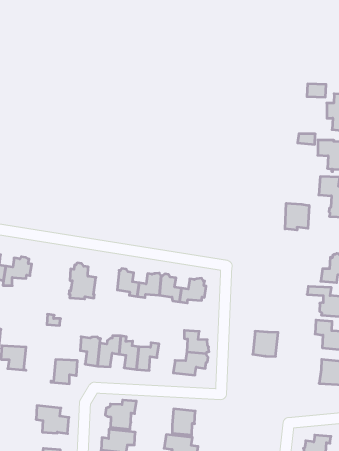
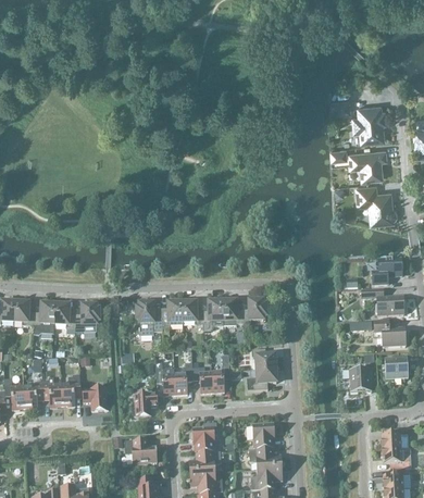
building: [285,203,309,230] -> none
building: none -> [162,300,184,328]
building: [253,331,278,356] -> [350,368,373,391]

